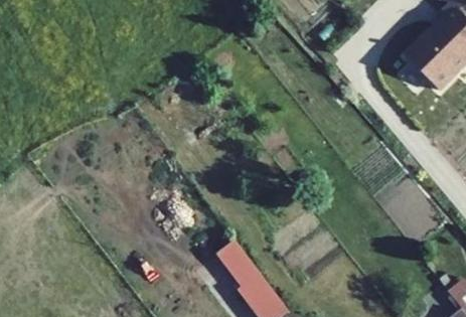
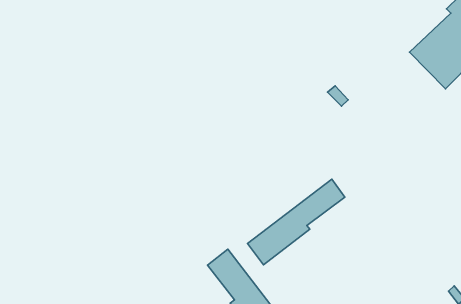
building: none -> [248,179,345,265]

